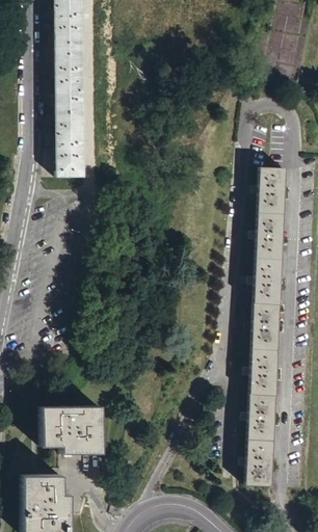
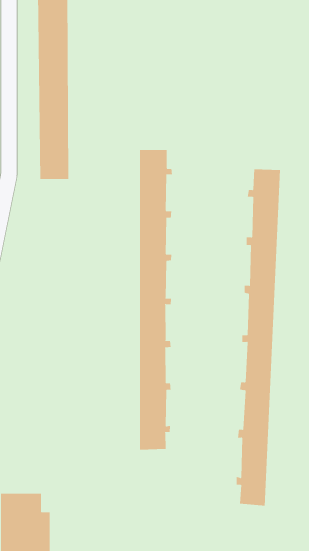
building: none -> [139,149,172,450]
building: [39,405,98,451] -> none

